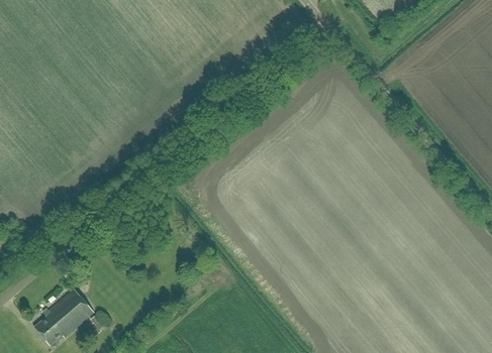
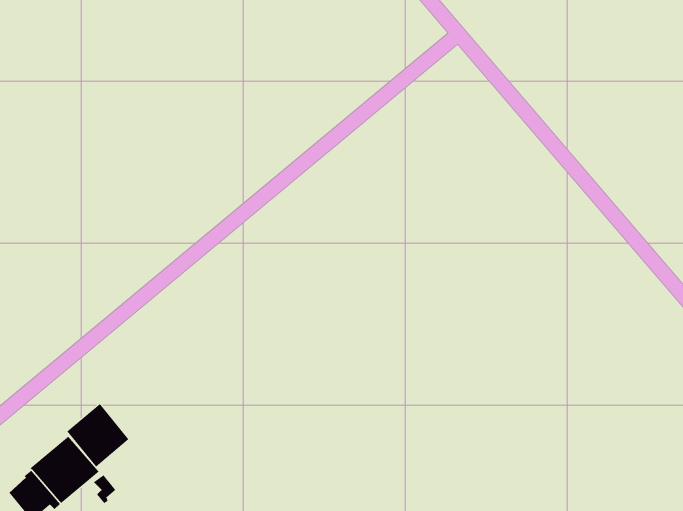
building: none -> [66,403,129,468]

